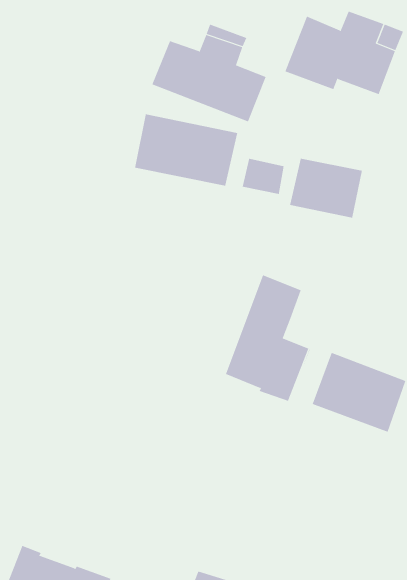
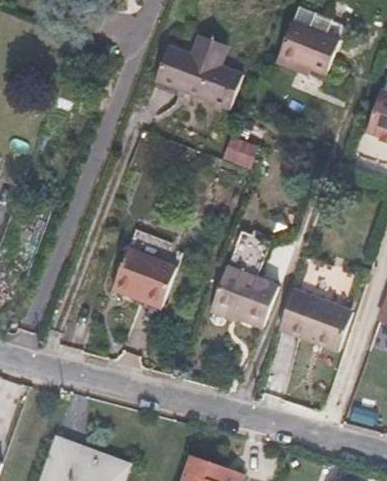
building: [134,114,238,186] -> none
building: [290,158,363,218] -> none
building: none -> [112,232,183,304]

